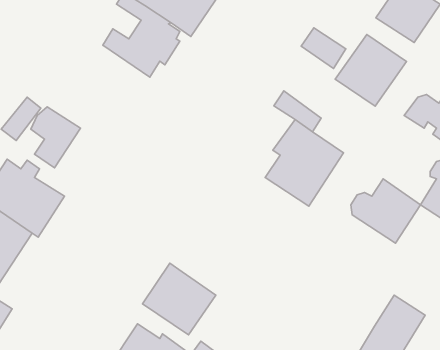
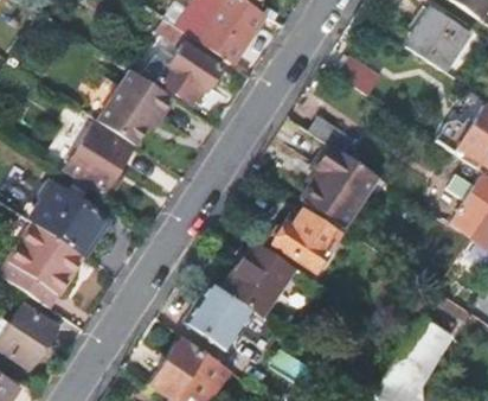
building: [335,35,407,106] -> none
building: none -> [81,70,173,144]
building: [351,179,420,243] -> [274,209,340,270]
building: none -> [223,240,295,317]

